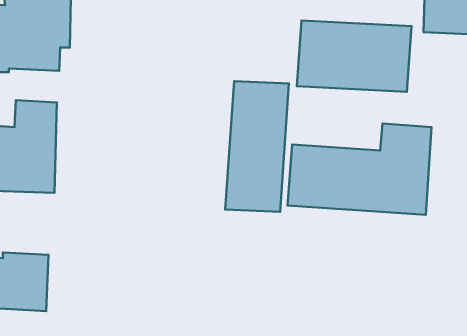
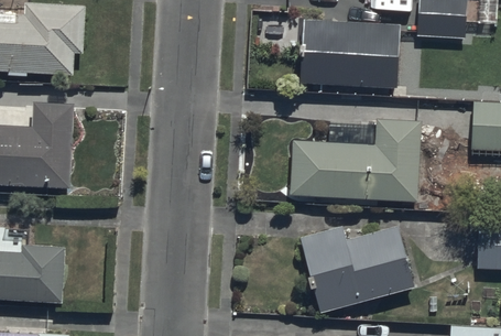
building: [225,81,289,212] -> none
building: none -> [297,223,414,310]

